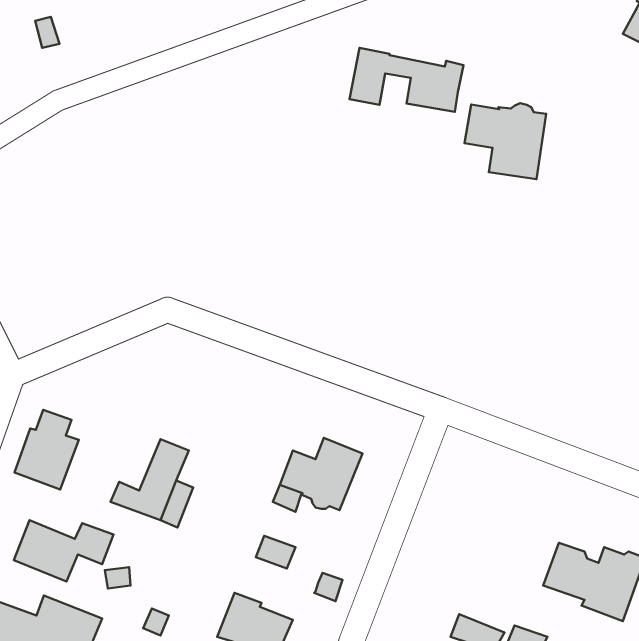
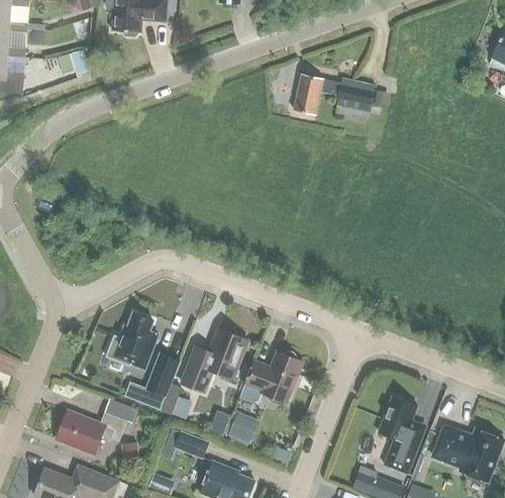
building: [465,103,546,179] -> none
building: none -> [182,328,246,391]
building: [15,410,79,490] -> [112,312,158,369]
building: none -> [378,395,426,474]
building: none -> [174,430,208,459]

